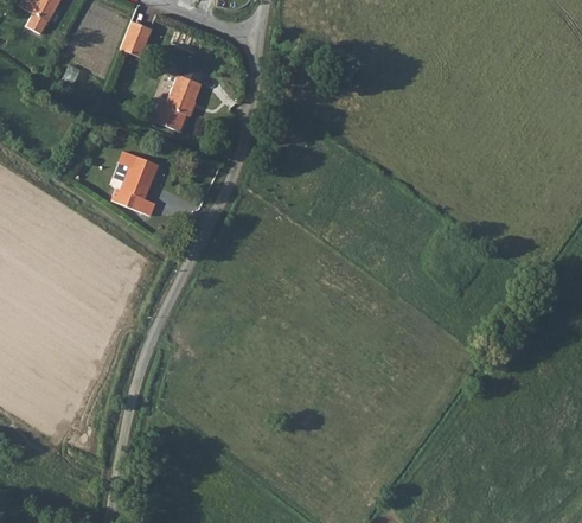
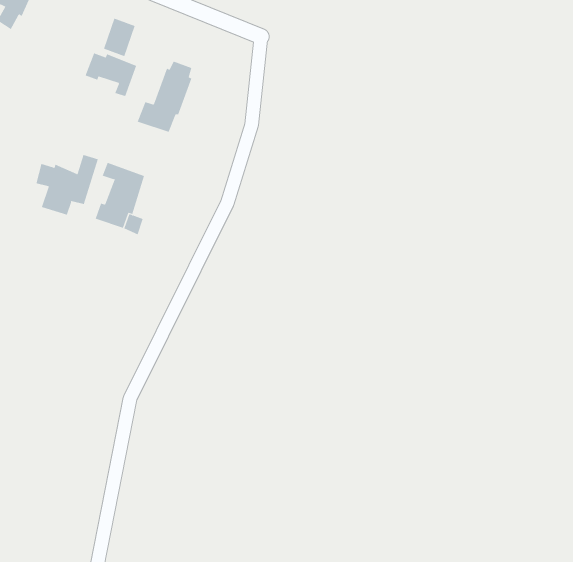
building: none -> [85,53,137,97]
building: none -> [36,154,98,215]

